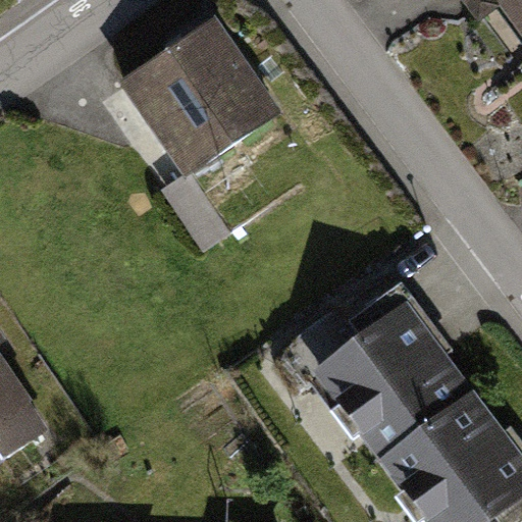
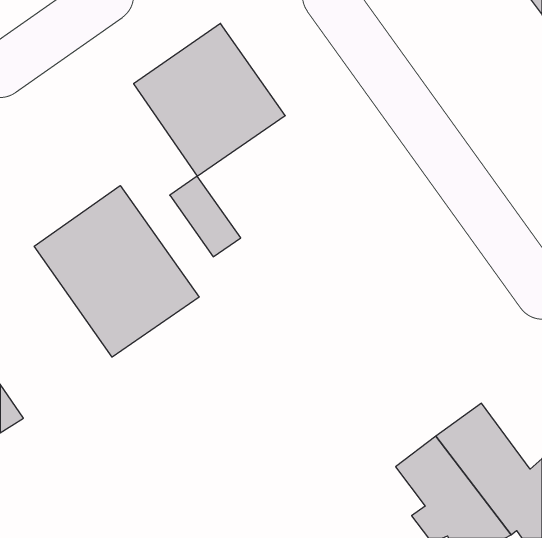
building: none -> [34,186,199,357]
building: [322,282,463,449] -> none

